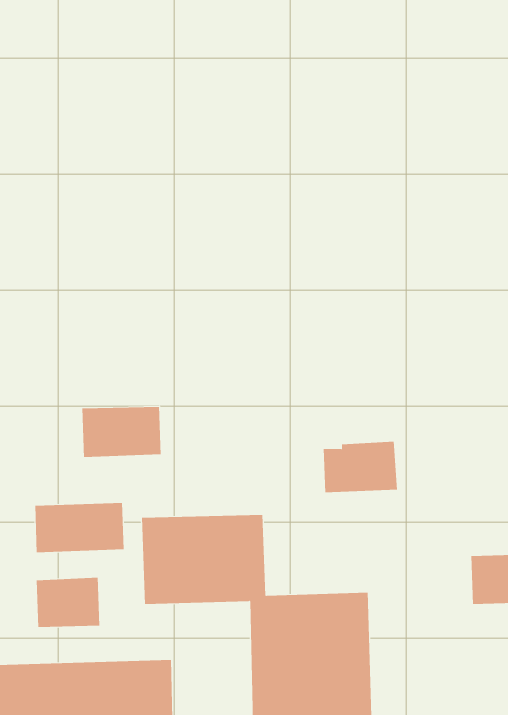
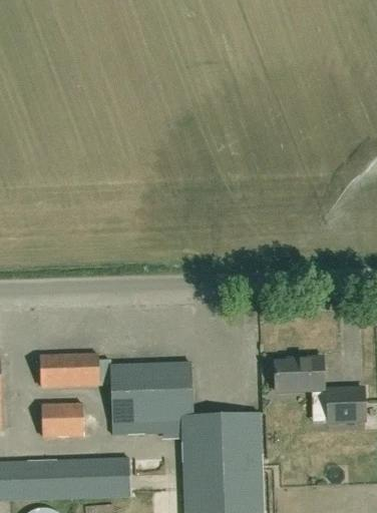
building: [82,406,161,458] -> none
building: [323,441,398,493] -> [274,358,323,392]

